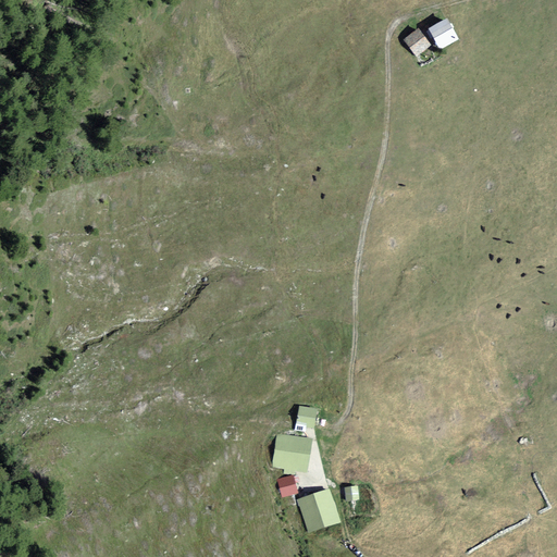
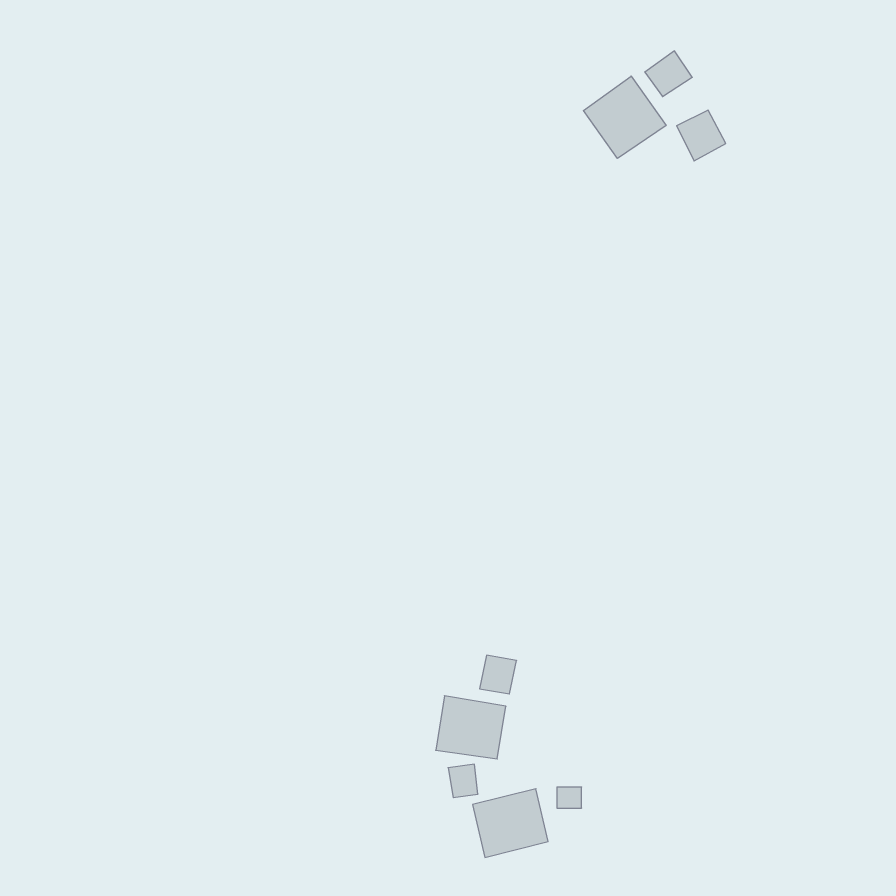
building: [428,20,458,51] -> [677,110,726,161]
building: none -> [583,76,666,158]

